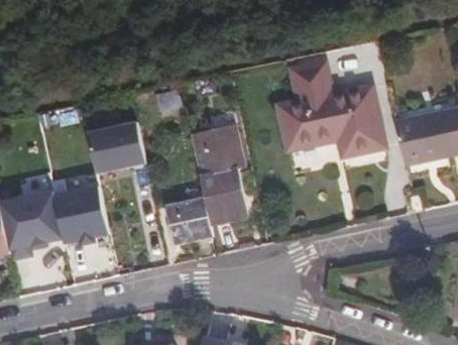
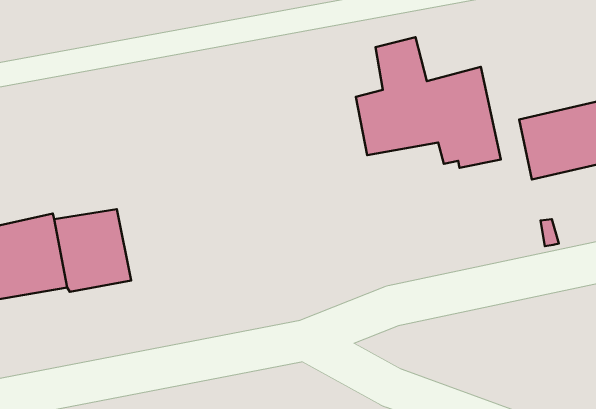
building: [95,118,152,169] -> none
building: [174,120,255,229] -> none

